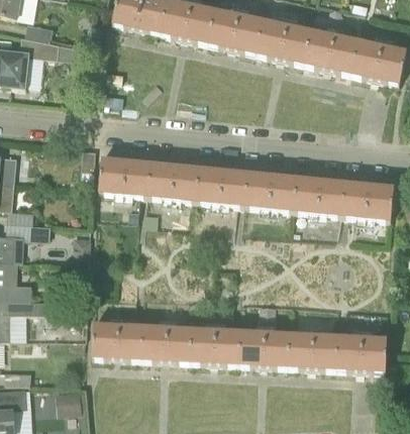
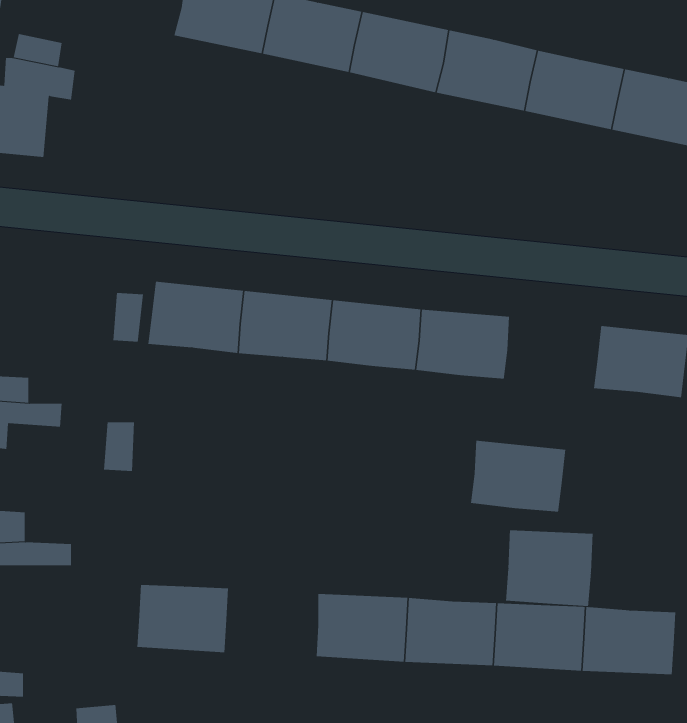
building: [293,176,345,215] -> [470,440,566,512]
building: none -> [505,530,593,607]
building: [140,324,191,361] -> none

